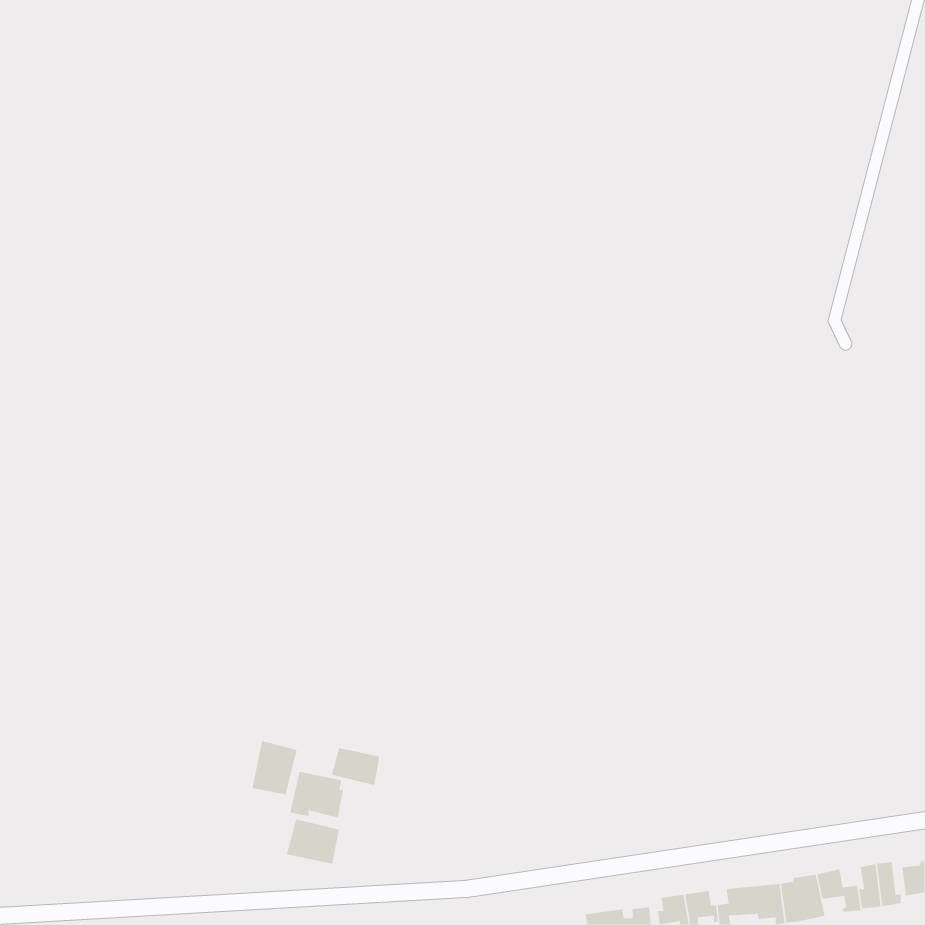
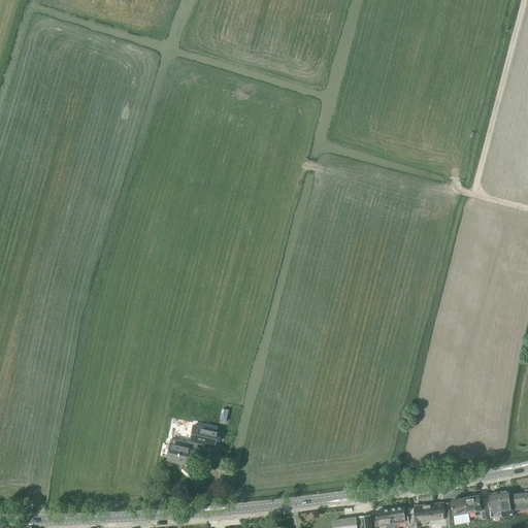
building: [252,740,297,795] -> none
building: [286,819,339,864] -> none

